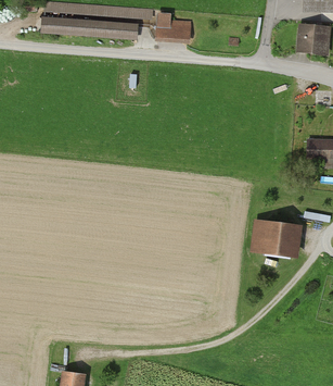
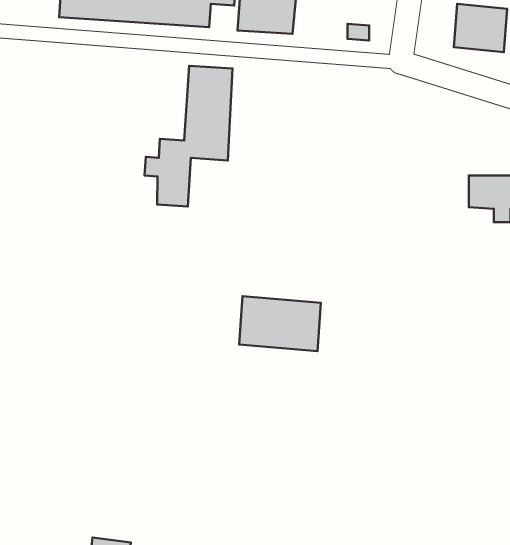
building: none -> [145,66,232,207]
building: [249,222,303,258] -> [239,296,321,351]

